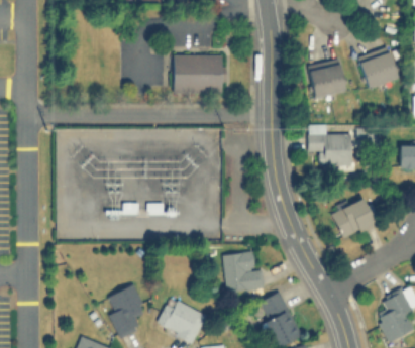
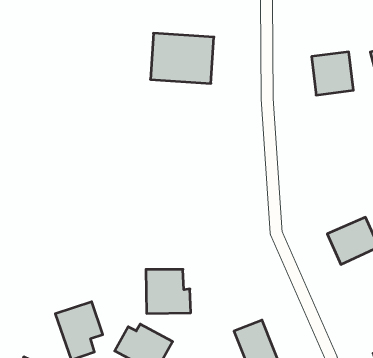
building: [309,125,351,165] -> none
building: [223,252,264,292] -> [146,269,191,313]

